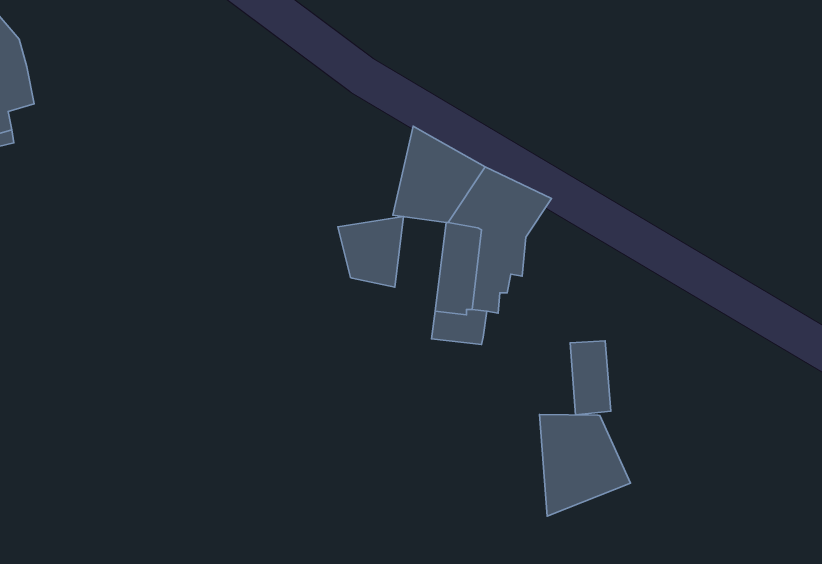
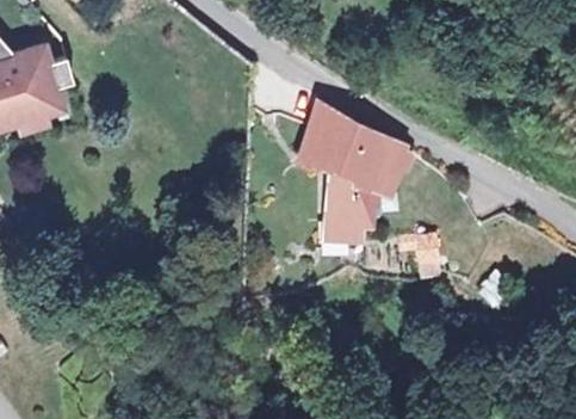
building: [338,217,404,287] -> none
building: [539,414,631,516] -> none

